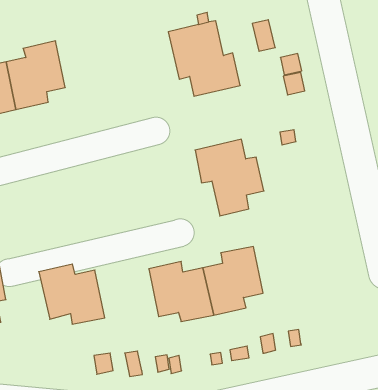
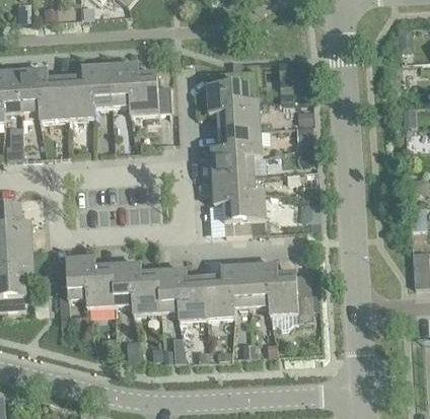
building: none -> [110,64,171,115]
building: none -> [211,128,262,177]
building: none -> [249,264,313,321]
building: none -> [113,263,160,313]

